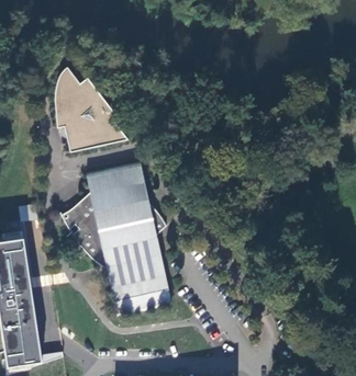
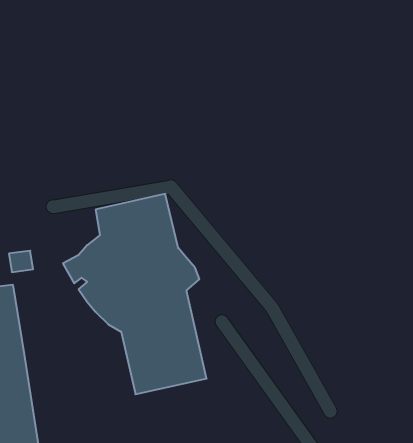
building: [54,65,129,151] -> none

